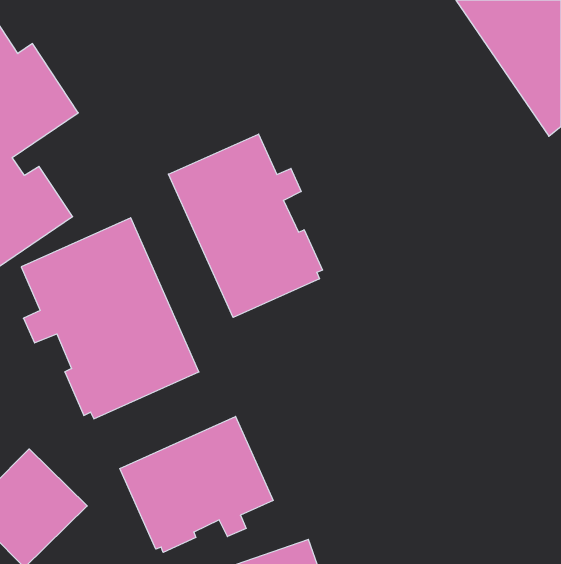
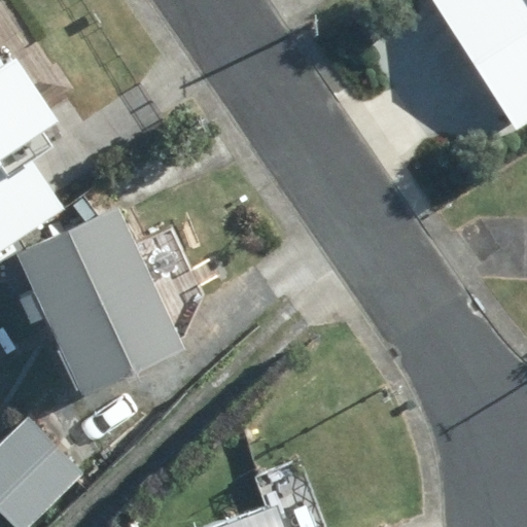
building: [168,134,323,317] -> none
building: [120,416,273,552] -> none

